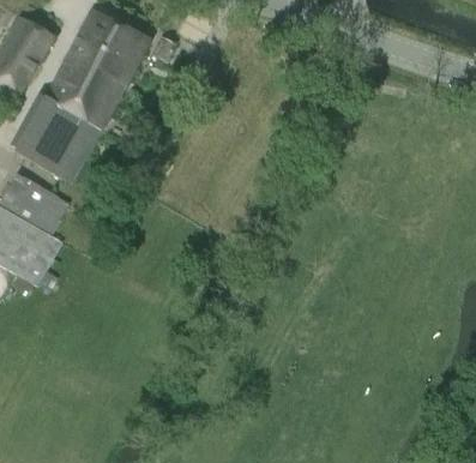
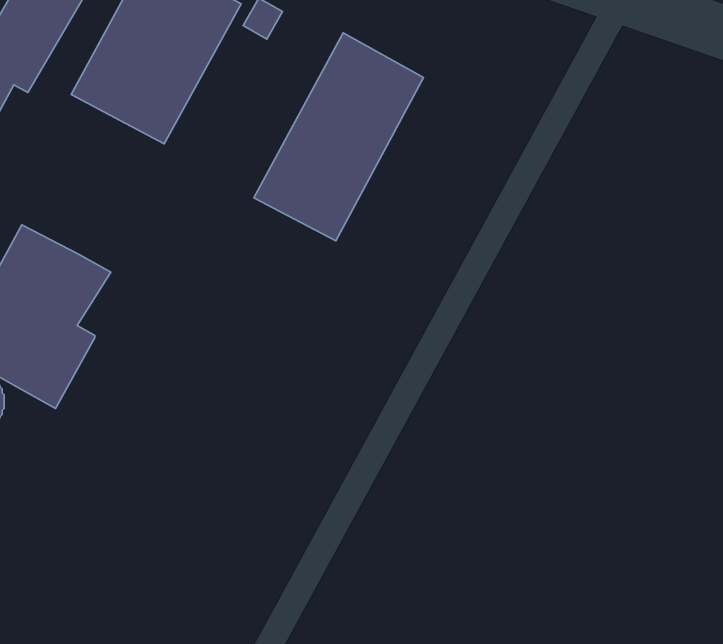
building: none -> [254,33,424,241]
building: [16,94,103,182] -> none

